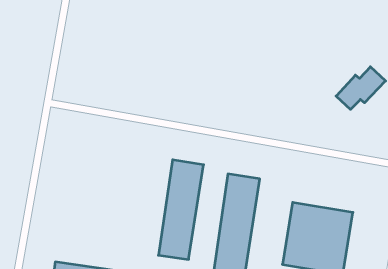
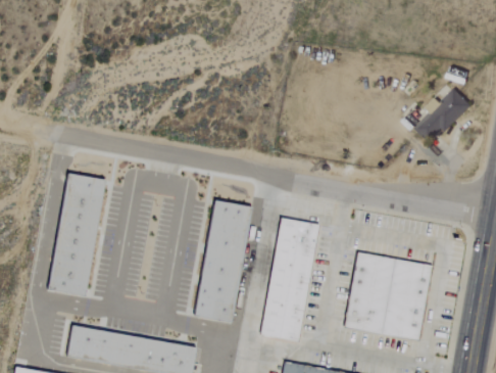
building: none -> [48,174,103,296]

